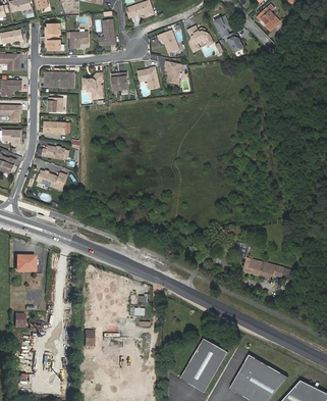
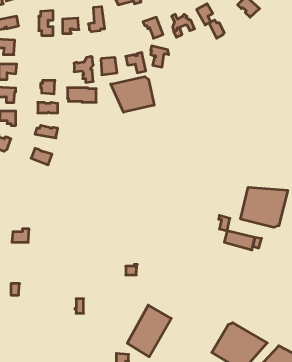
building: [44,71,74,87] -> [67,88,96,102]
building: none -> [111,77,154,112]
building: none -> [241,187,288,227]
building: [180,336,227,391] -> [127,305,171,357]

